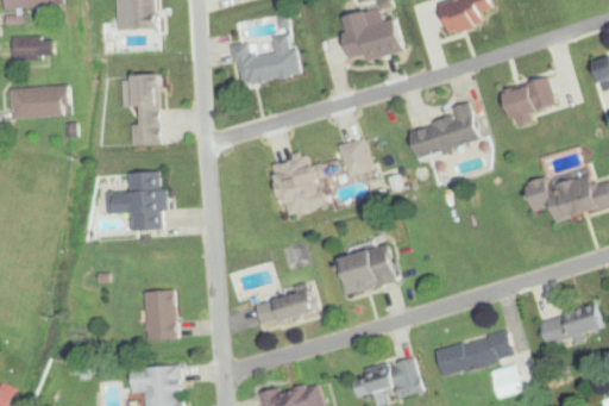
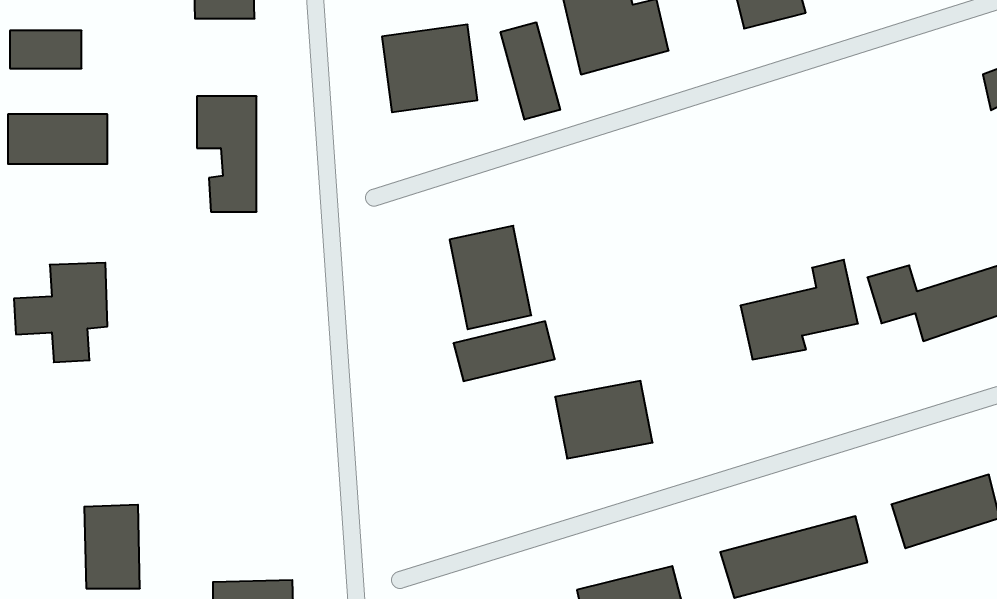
building: none -> [501,22,560,120]
building: [503,79,553,120] -> none
building: [409,101,479,161] -> [740,260,858,359]
building: [335,138,371,179] -> none
building: [107,171,163,231] -> [14,263,107,362]
building: [144,291,177,341] -> [84,505,140,588]
building: [255,291,315,326] -> [453,321,555,381]

